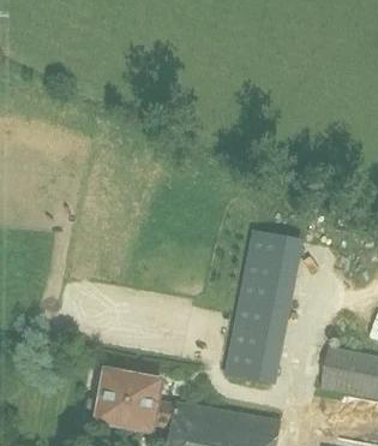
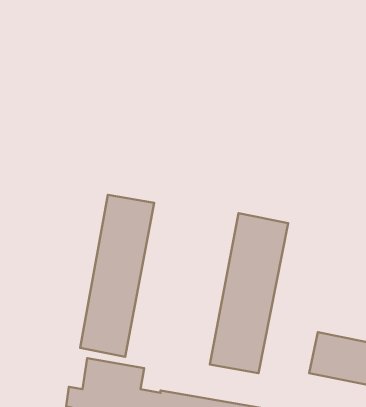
building: none -> [80,195,154,357]

